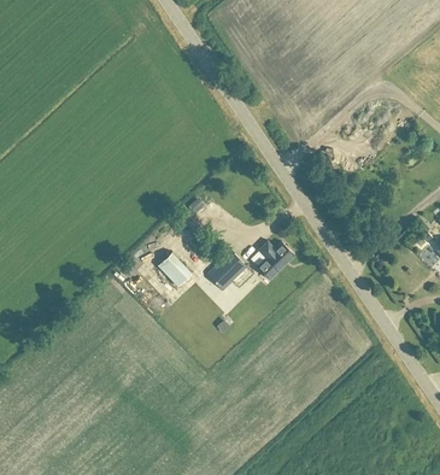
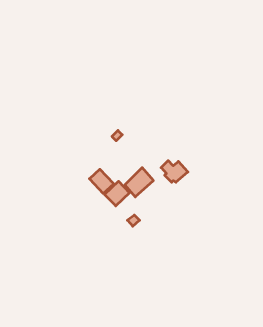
building: none -> [105,181,130,206]

